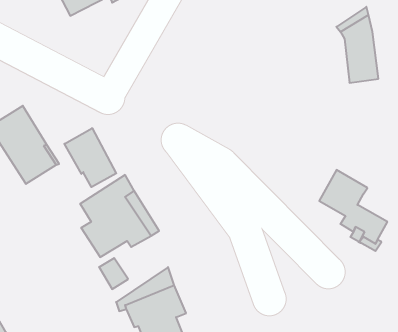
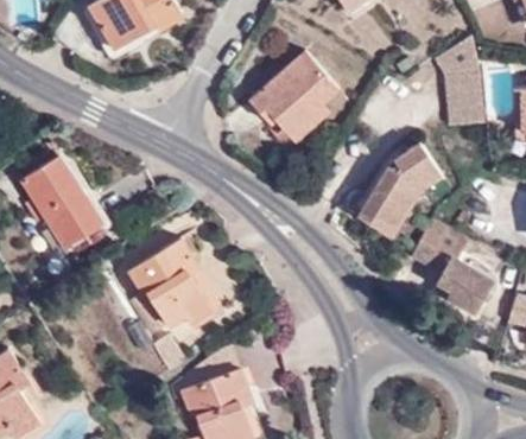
building: none -> [243,65,334,142]
building: none -> [356,141,441,234]
building: [64,128,116,187] -> none

